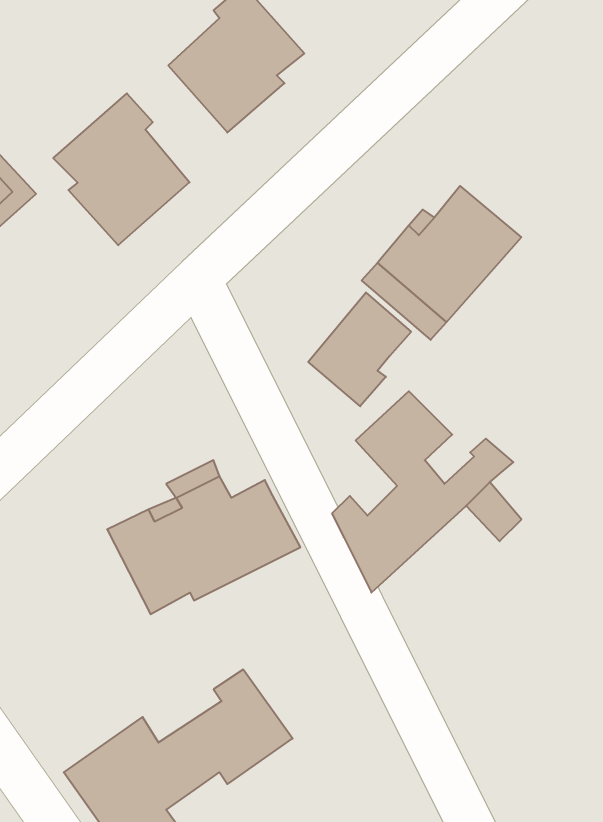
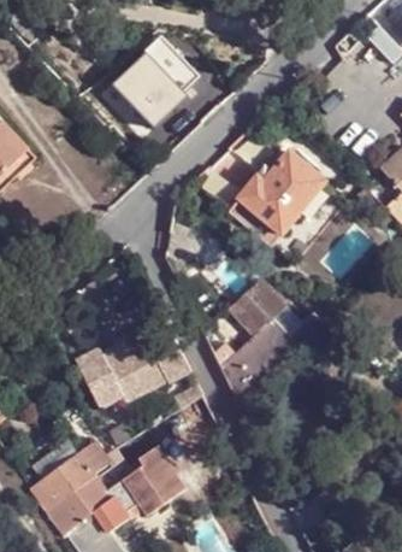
building: [53,93,190,245] -> none
building: [308,292,411,406] -> none
building: none -> [32,441,110,510]

